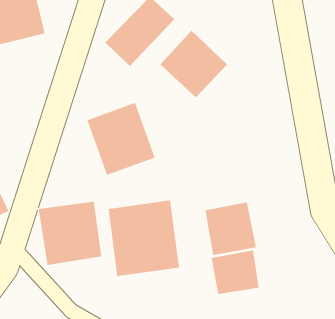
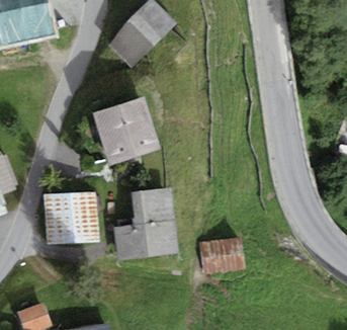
building: [160,30,228,98] -> none
building: [205,201,256,256] -> none

